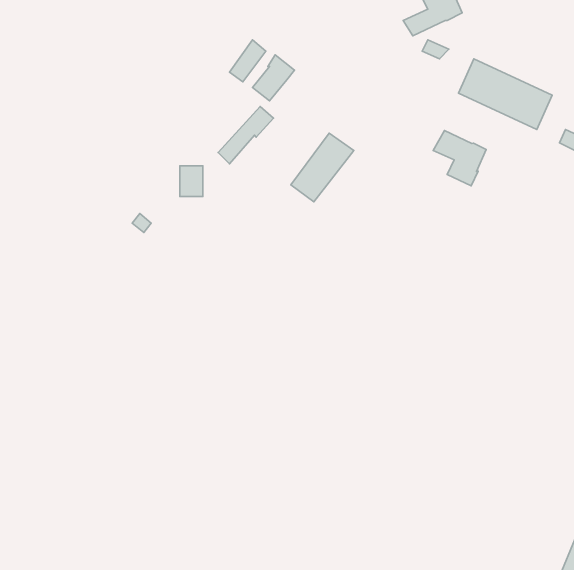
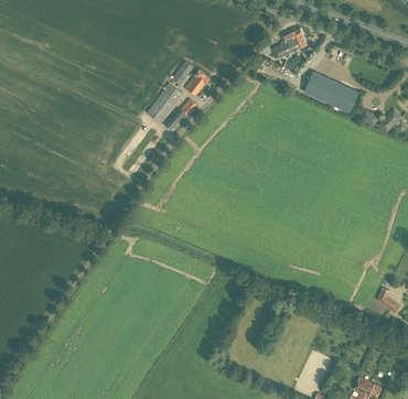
building: [433,131,486,186] -> none
building: [291,133,354,202] -> [147,84,183,123]

